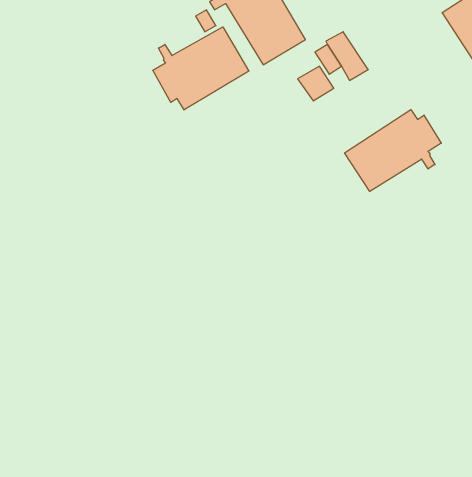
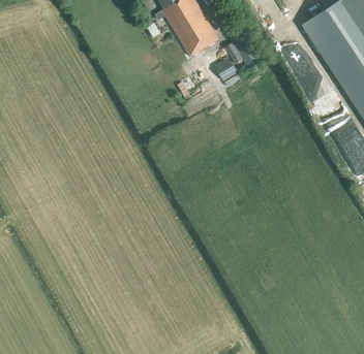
building: [153,27,249,110] -> none
building: [345,110,441,191] -> none

